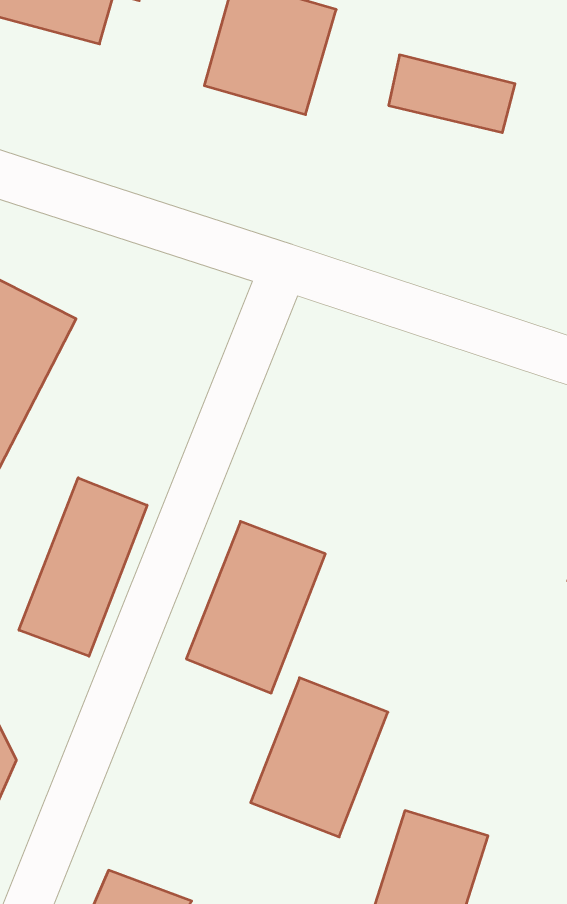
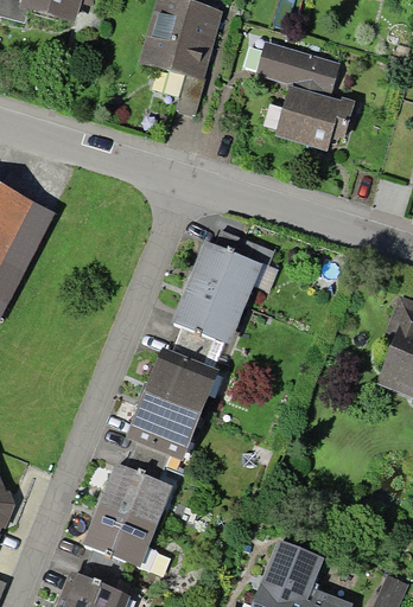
building: none -> [275,85,350,153]
building: none -> [171,242,260,344]
building: [19,478,147,656] -> none
building: [251,678,388,837] -> [81,462,171,567]

